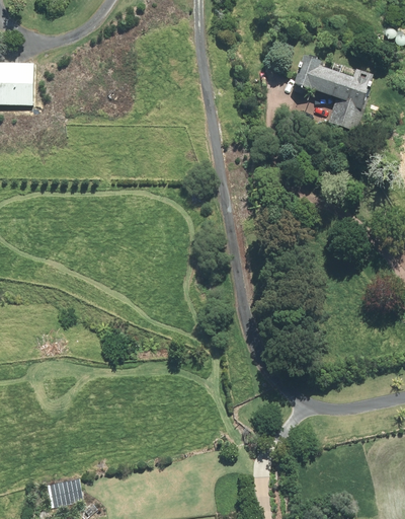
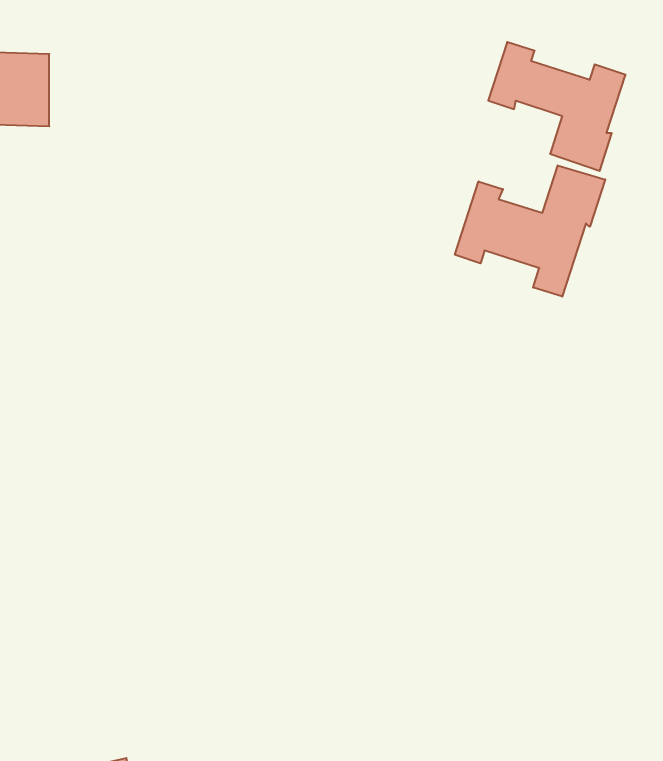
building: none -> [455,165,605,297]

